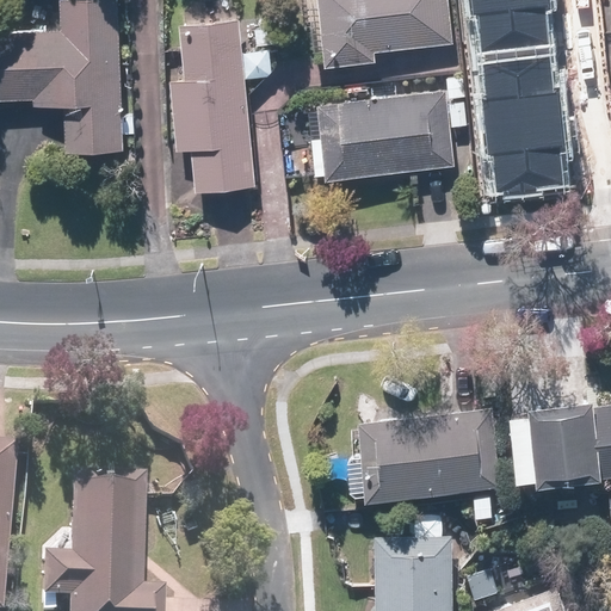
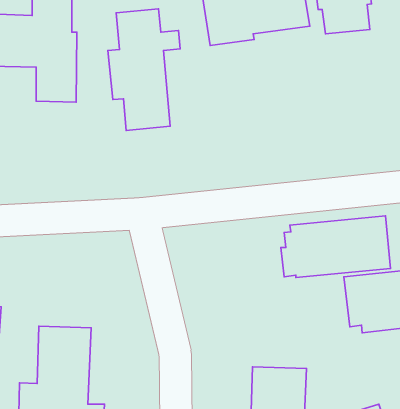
building: [482,61,563,192] -> none
building: [309,78,468,184] -> none
building: [344,408,501,496] -> [281,216,391,278]

